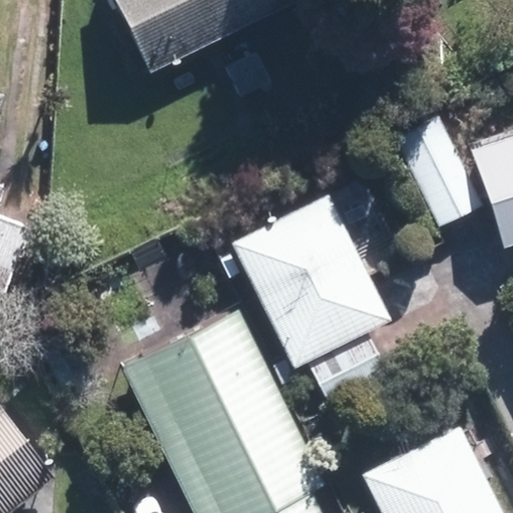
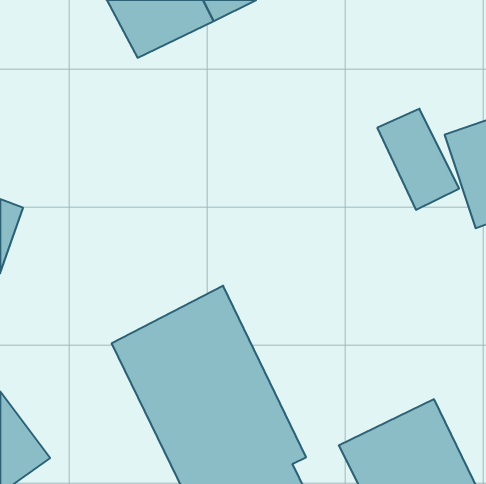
building: [229,191,390,404] -> none

